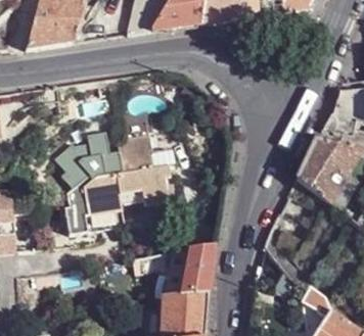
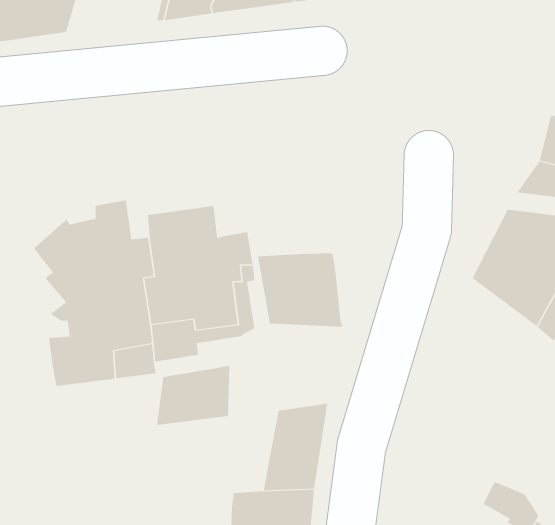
building: none -> [258,253,343,328]
building: none -> [157,365,230,426]

